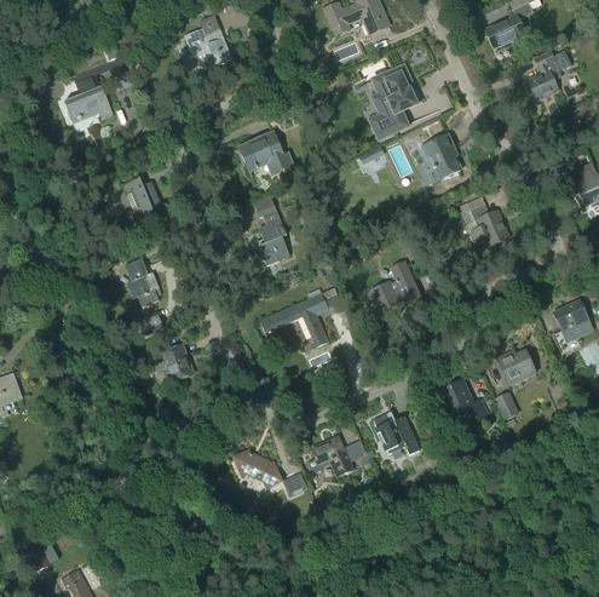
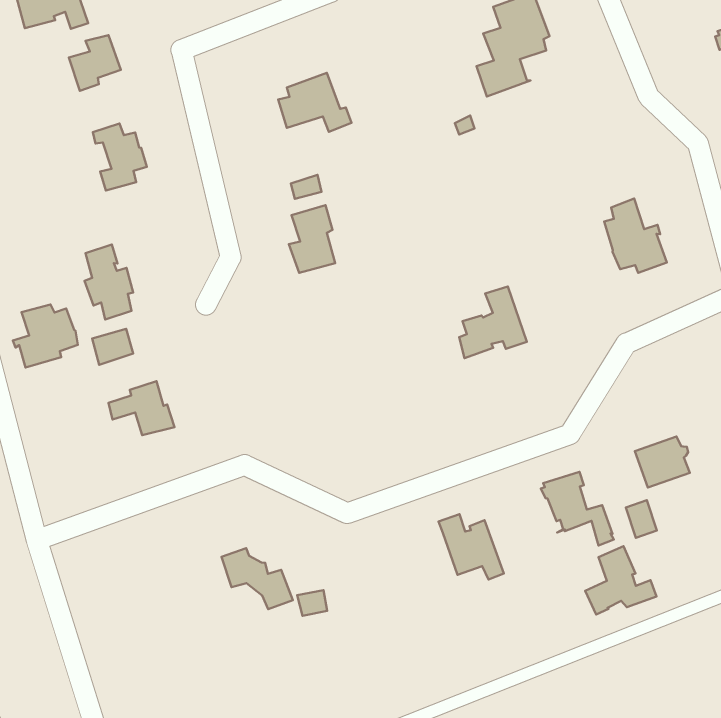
building: none -> [69,35,121,91]
building: [421,133,461,178] -> none
building: [259,292,328,346] -> none
building: none -> [13,304,78,367]
building: none -> [585,546,657,615]
building: [307,436,352,475] -> none

